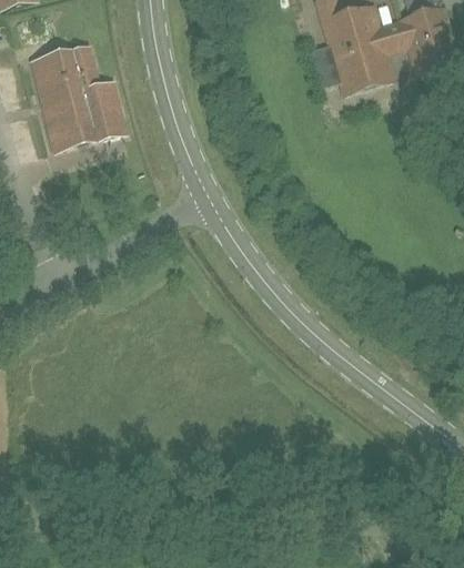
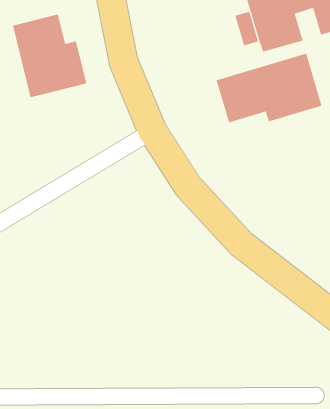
building: none -> [216,53,322,123]

